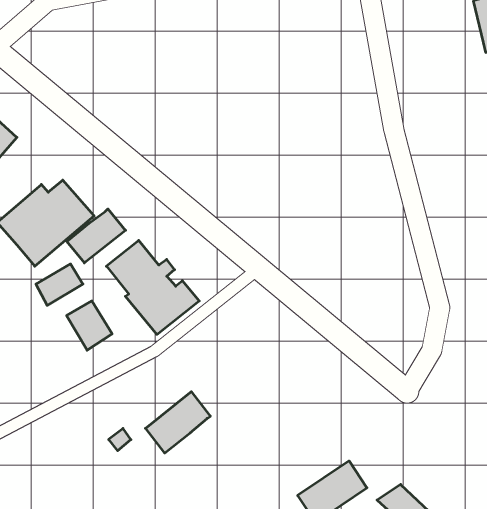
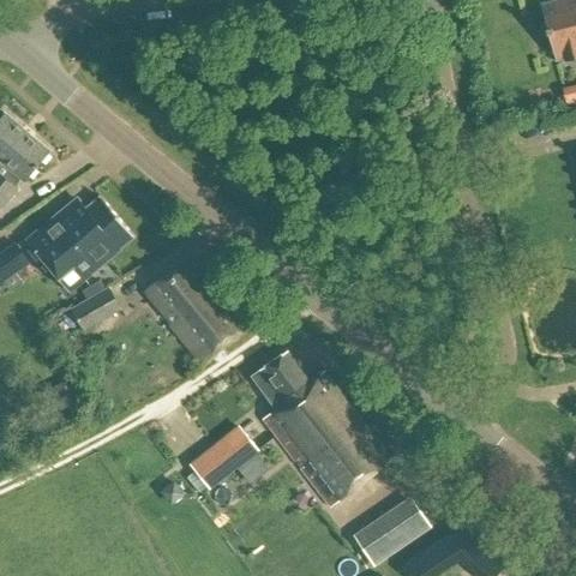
building: [67,209,126,263] -> none
building: [67,301,112,350] -> none
building: none -> [252,352,390,508]

